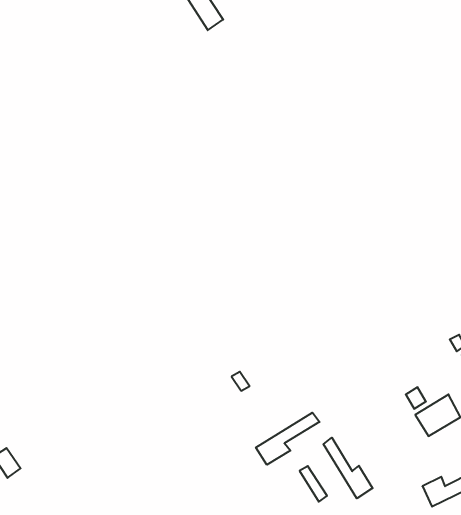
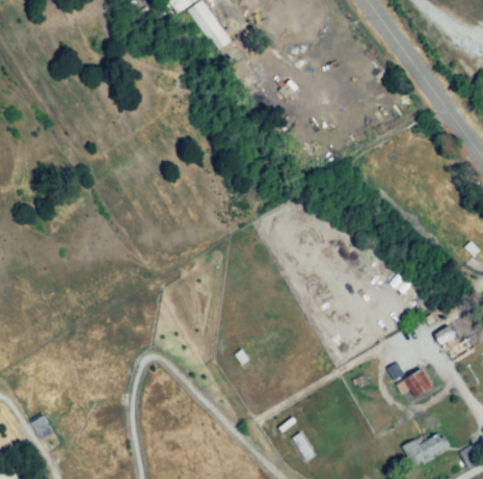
building: [256,413,320,465] -> none
building: [323,438,373,498] -> none

